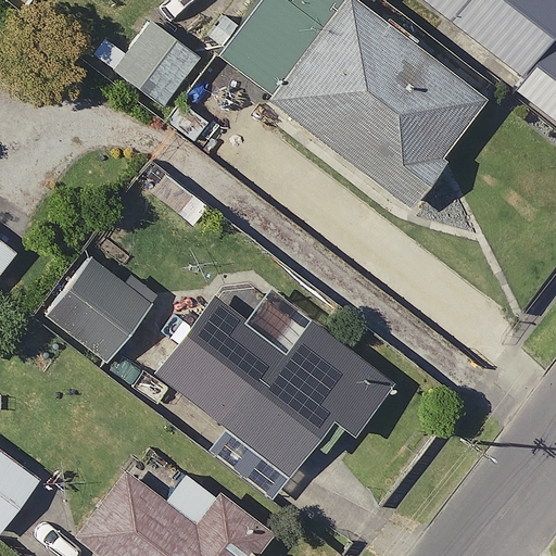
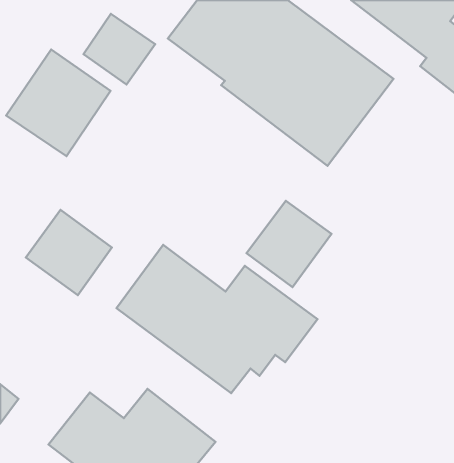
building: none -> [6,50,111,156]
building: none -> [247,201,332,287]

